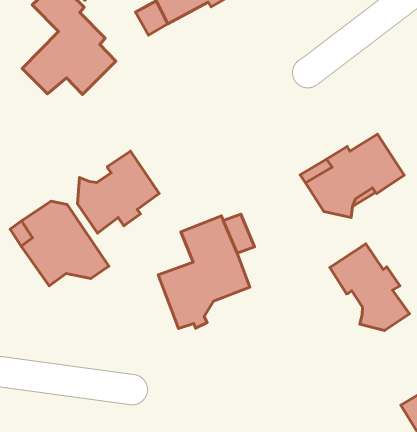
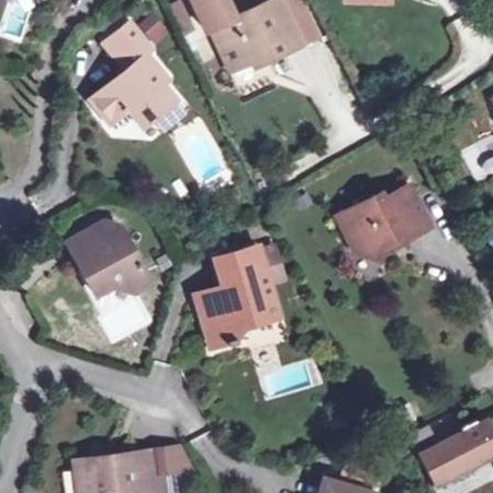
building: [77,151,159,233] -> none
building: [330,244,409,330] -> none

